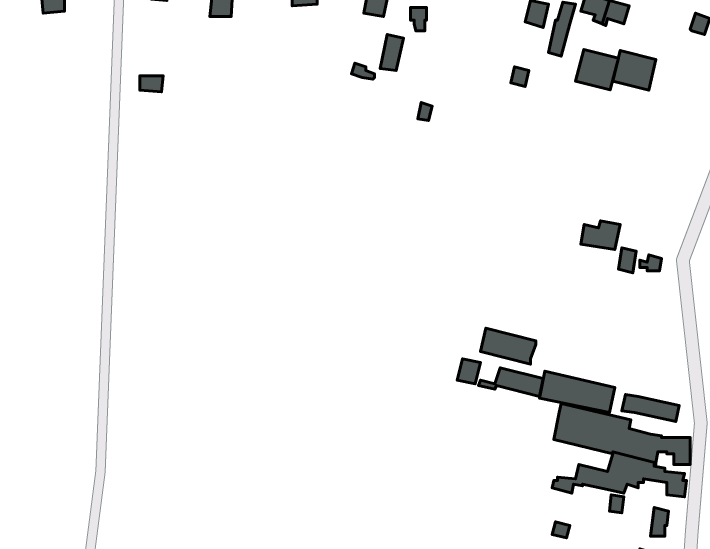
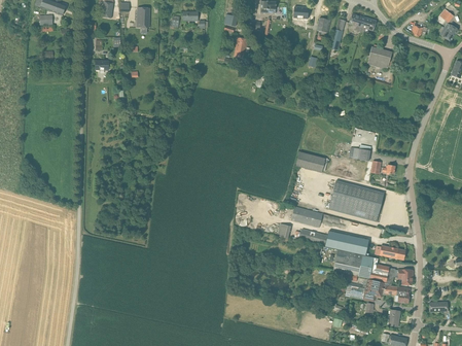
building: [575,50,618,90] -> none
building: none -> [295,150,325,172]
building: none -> [328,180,384,221]

